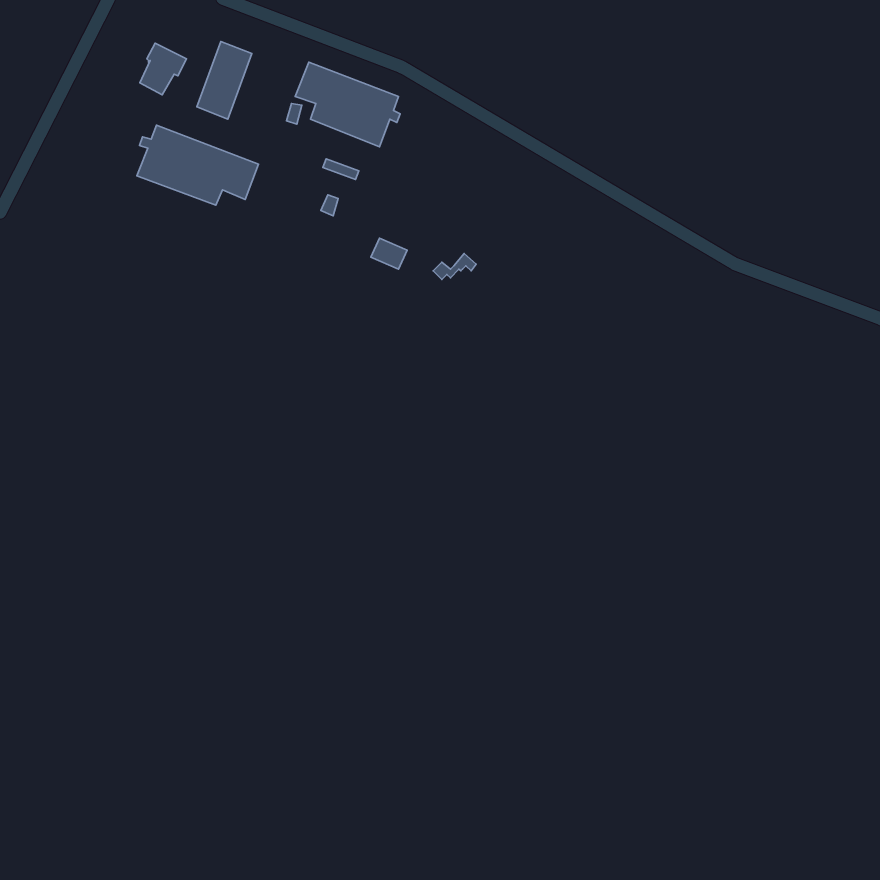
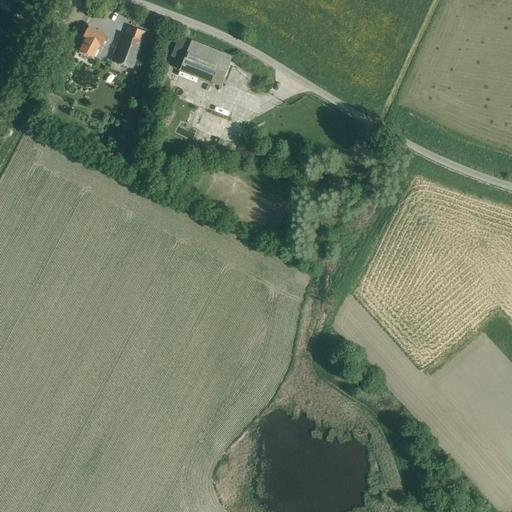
building: [137,125,258,205] -> none

